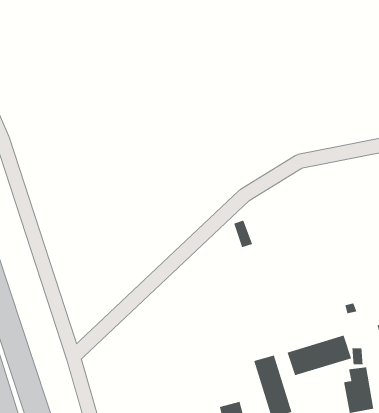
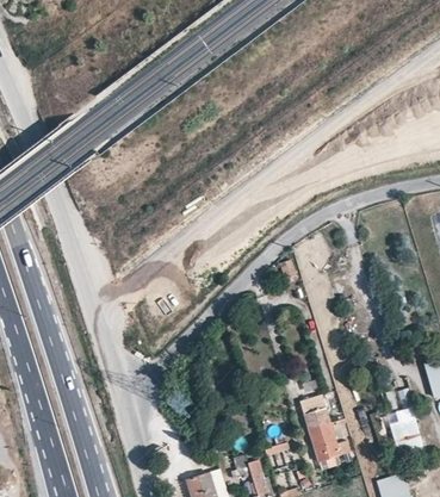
building: [287,335,352,376] -> none

